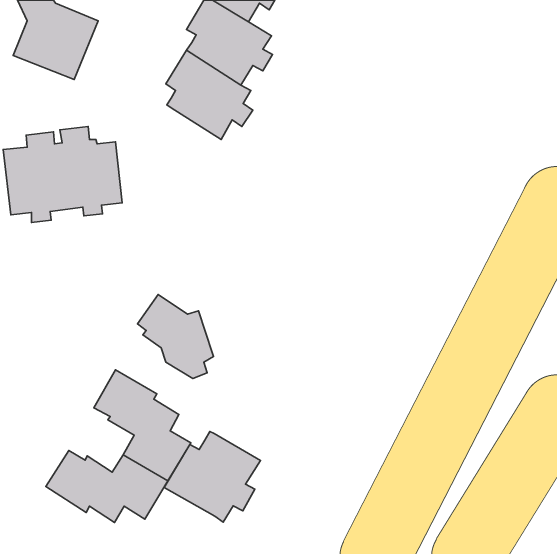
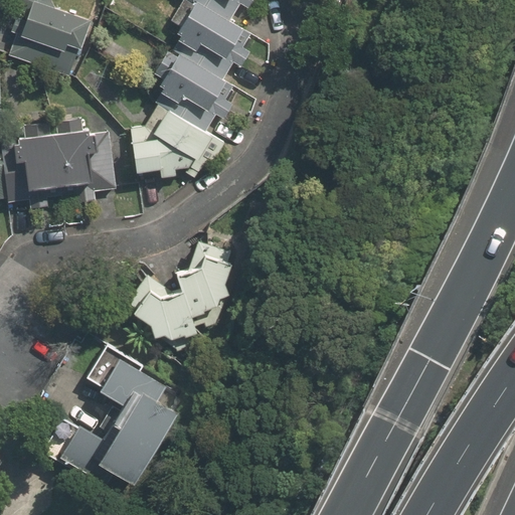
building: none -> [132,103,223,172]
building: none -> [177,240,232,329]
building: [164,432,261,522] -> none

